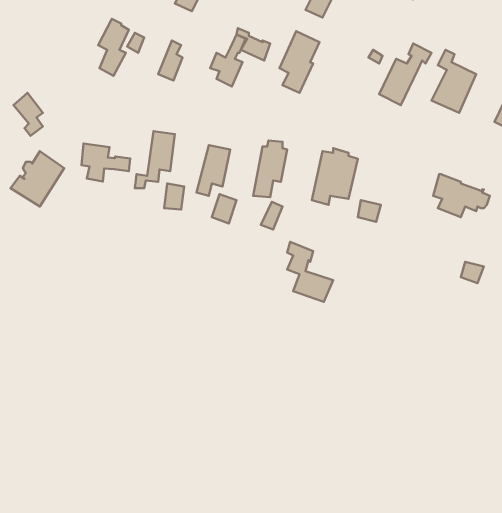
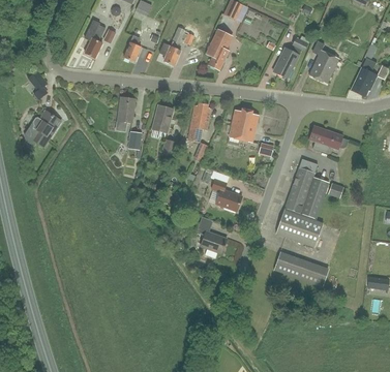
building: [81,144,130,181] -> none
building: none -> [275,158,329,247]
building: none -> [197,221,227,256]
building: none -> [278,251,333,284]

